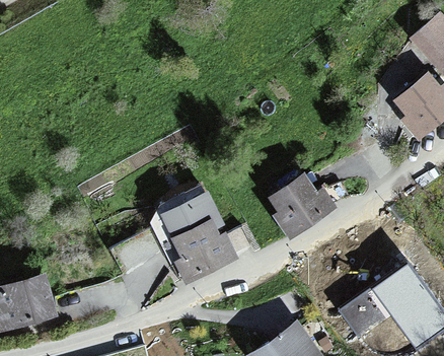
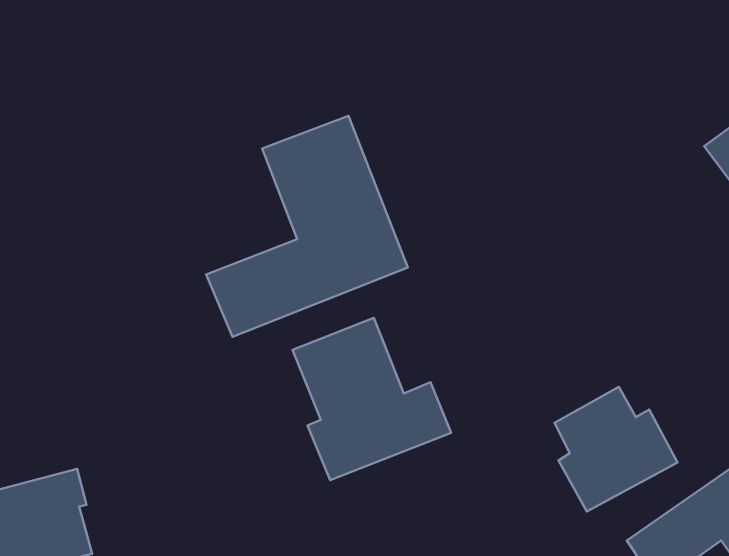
building: none -> [206,116,408,337]
building: [270,173,336,240] -> [555,387,677,512]

